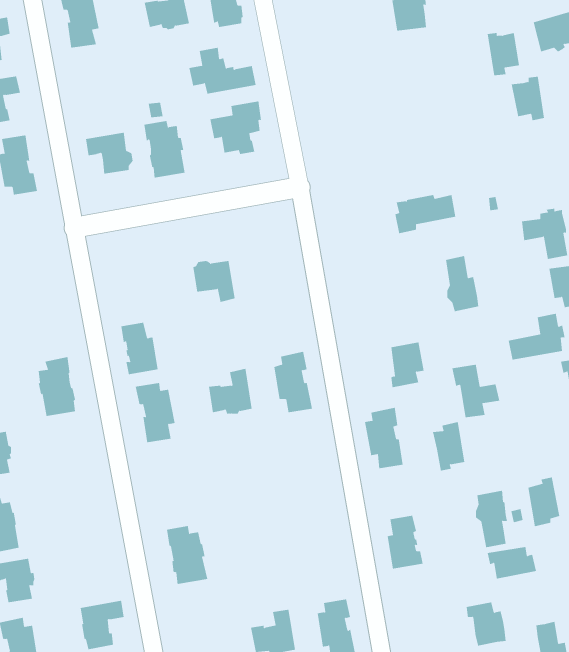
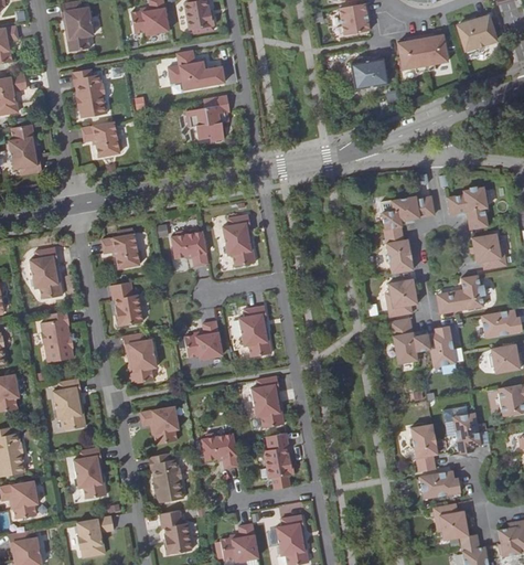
building: none -> [350,61,386,94]
building: [511,76,545,121] -> [396,39,425,76]
building: [144,120,185,178] -> [71,68,106,117]
building: [395,194,456,234] -> [382,195,434,228]
building: none -> [223,214,256,265]
building: none -> [101,233,142,271]
building: none -> [30,247,62,298]
building: [390,342,424,388] -> [388,278,417,317]
building: [364,407,403,469] -> [250,375,284,427]
building: [432,421,465,471] -> [427,324,455,366]
building: none -> [53,379,86,429]
building: none -> [140,405,179,444]
building: none -> [201,433,238,468]
building: [387,515,423,569] -> [264,433,295,478]
building: none -> [73,447,106,499]
building: none -> [159,510,192,554]
building: [466,602,506,646] -> [434,502,468,540]

